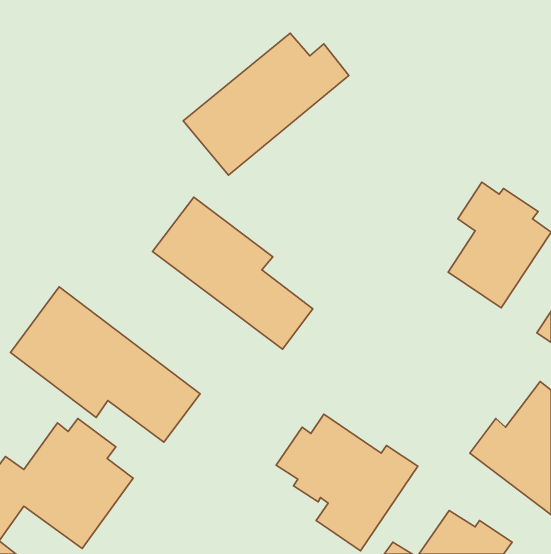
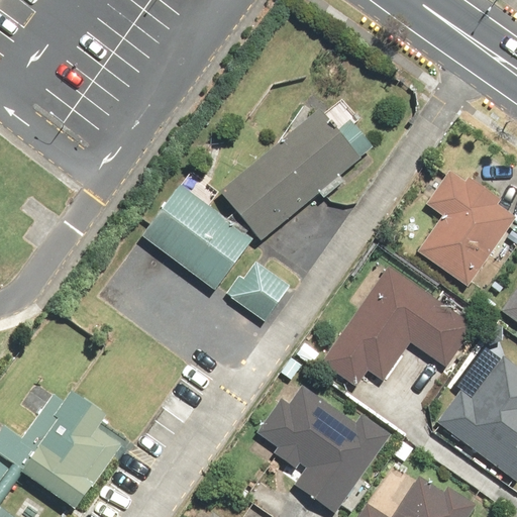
building: [183,33,349,175] -> [219,108,374,240]
building: none -> [322,266,475,387]
building: [10,287,200,442] -> none

